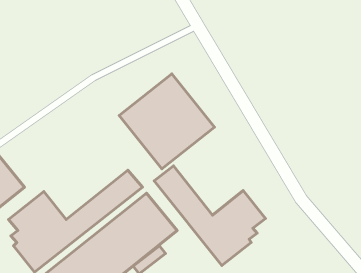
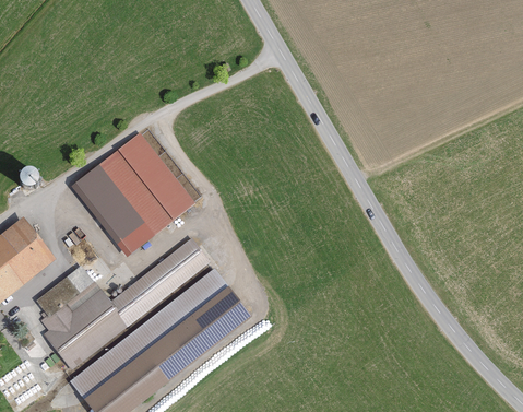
building: [119,74,214,169] -> [72,133,194,256]
building: [154,166,266,265] -> none

